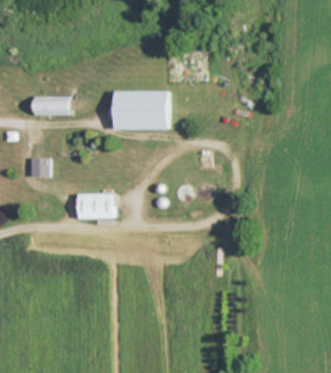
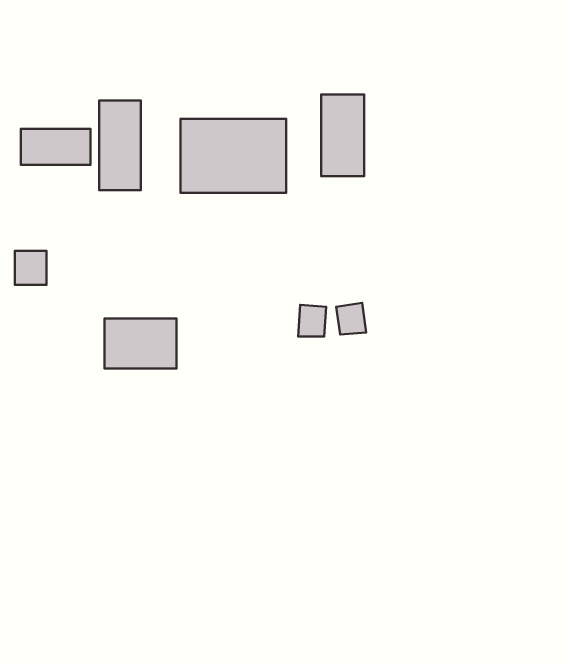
building: none -> [321,94,364,176]
building: none -> [99,100,141,190]

